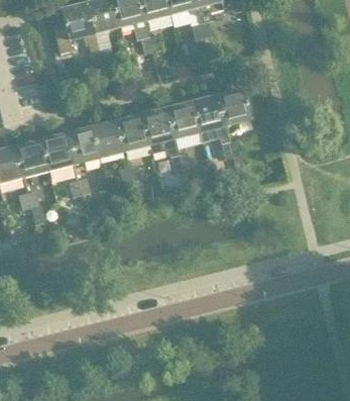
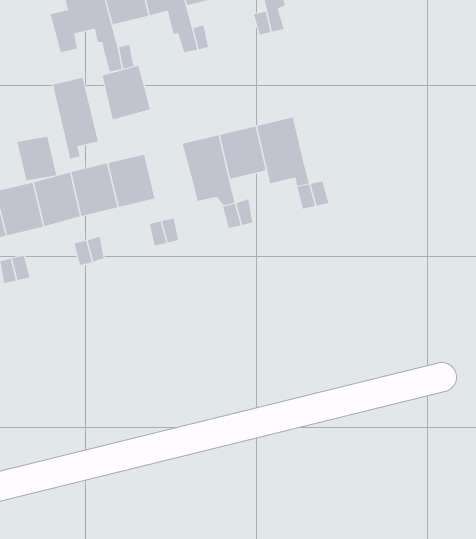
building: none -> [52,77,98,159]
building: [217,89,250,126] -> none
building: none -> [17,136,57,181]
building: [116,114,149,152] -> [102,65,151,120]

